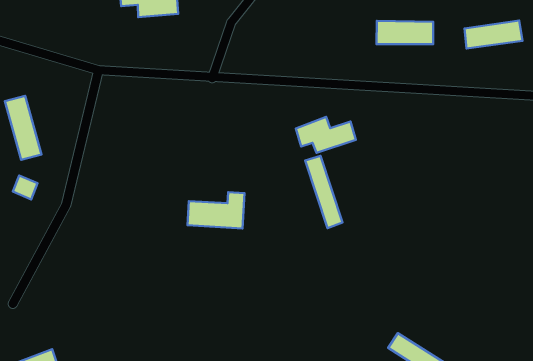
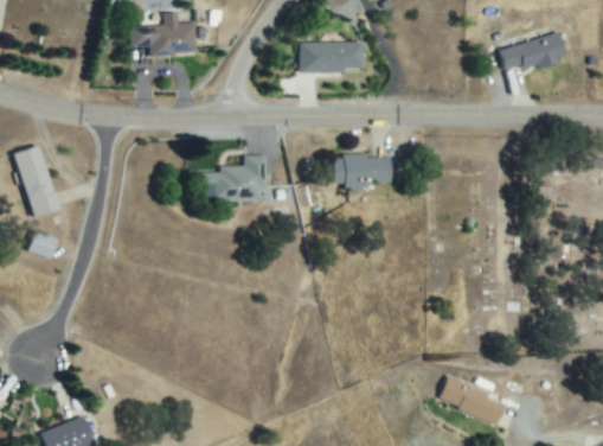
building: [377,21,433,44] -> [301,43,363,70]
building: [305,156,343,228] -> none
building: [187,192,245,229] -> [205,158,264,196]

